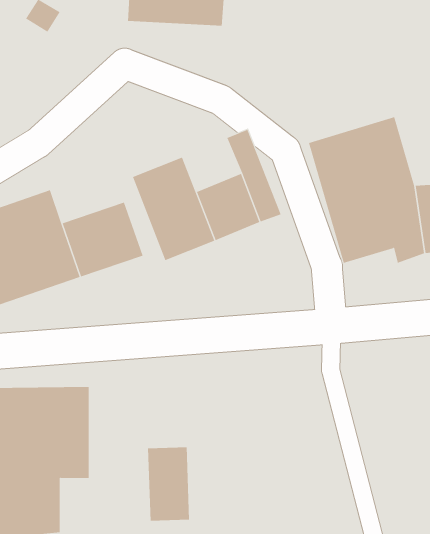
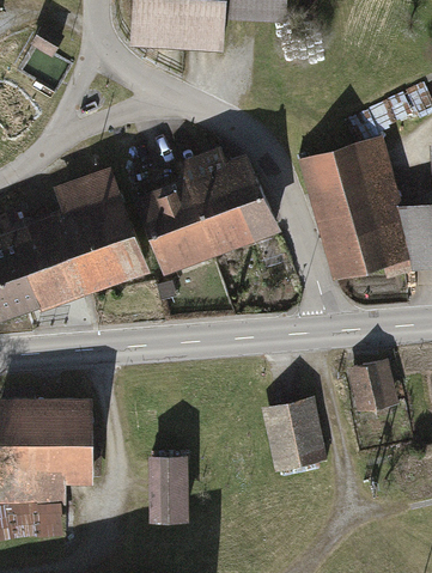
building: none -> [175,144,237,208]
building: none -> [48,166,126,238]
building: none -> [348,358,397,414]
building: none -> [263,397,330,476]

